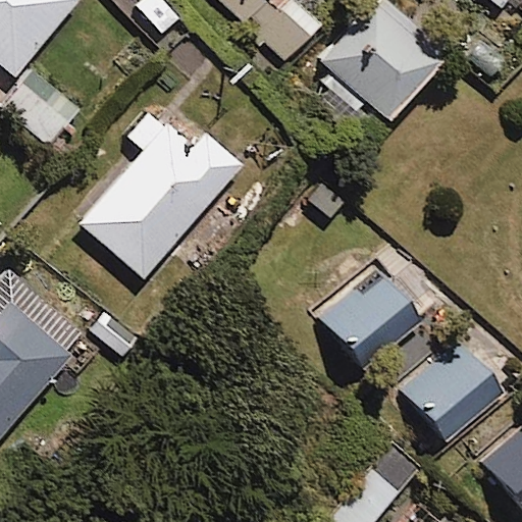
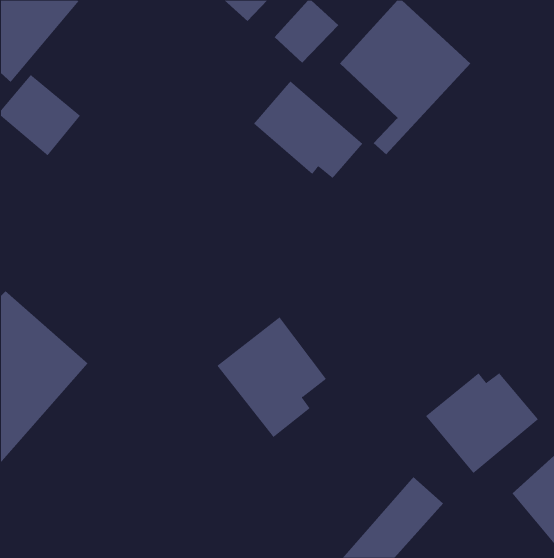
building: none -> [253,80,363,179]
building: [80,113,241,279] -> none
building: [317,267,420,380] -> [217,317,327,438]

